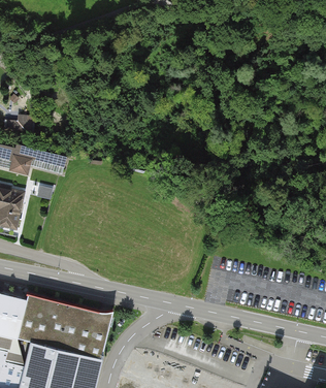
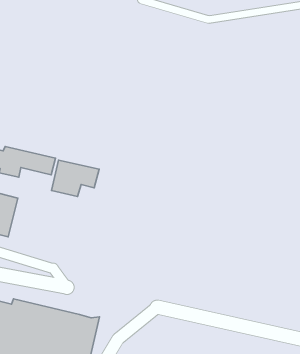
building: none -> [51,160,99,197]

